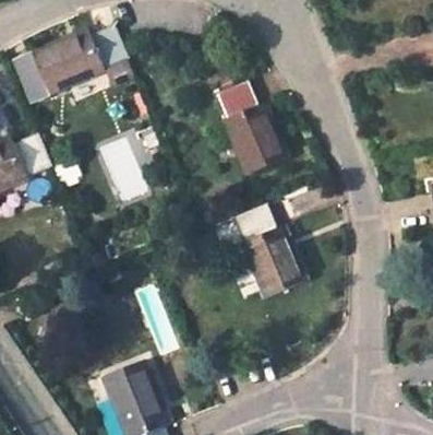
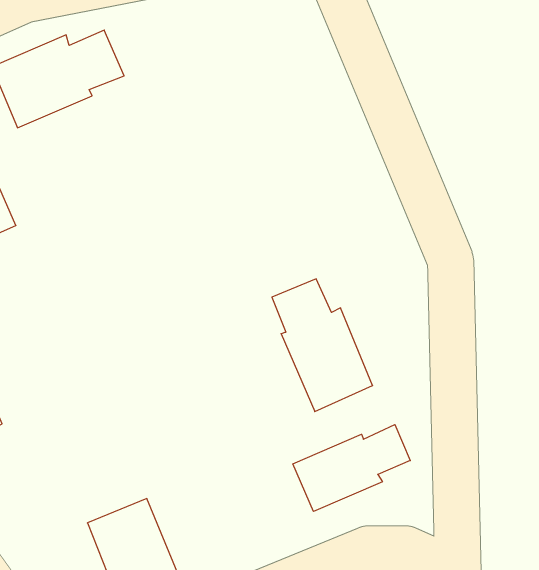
building: [215,81,287,174] -> none
building: none -> [293,425,410,511]

